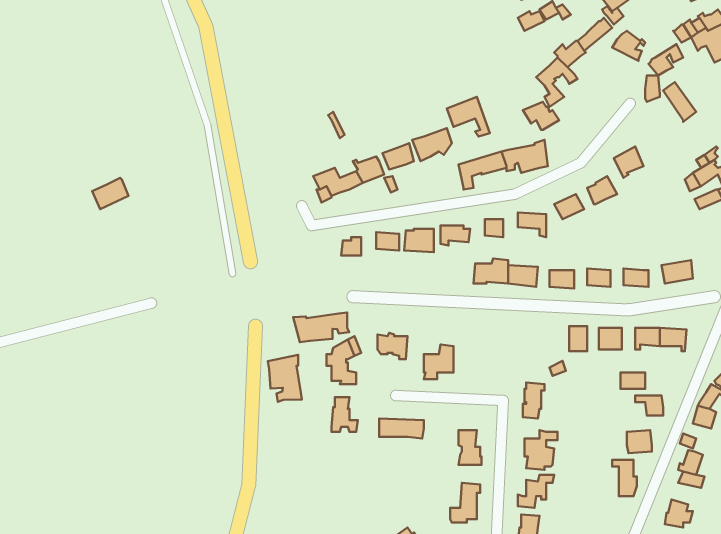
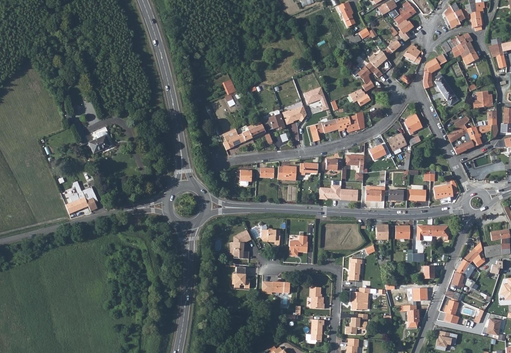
building: none -> [65,185,97,213]
building: [293,313,349,342] -> none
building: [268,355,302,402] -> none

